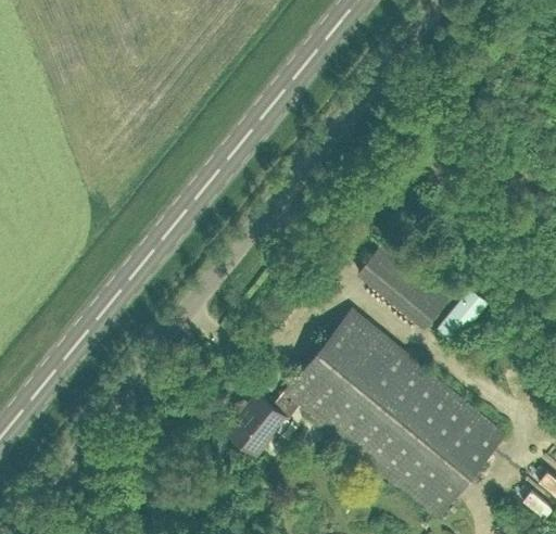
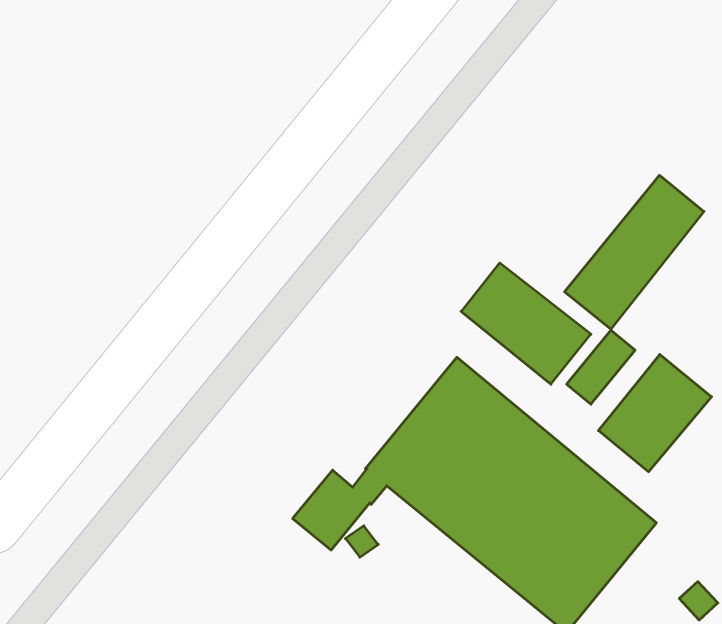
building: none -> [565,175,704,329]
building: none -> [598,354,712,472]

